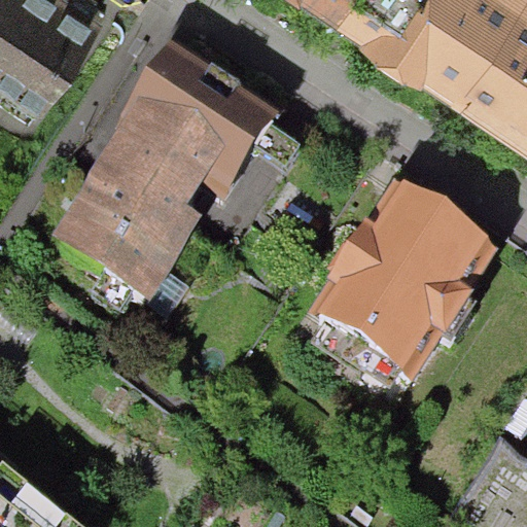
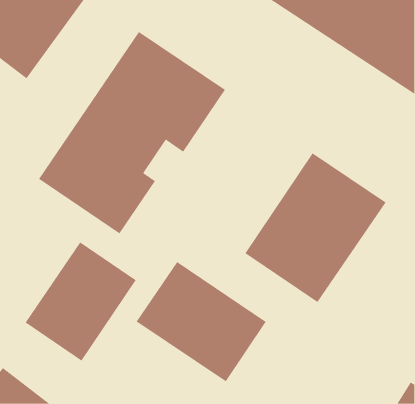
building: none -> [25,242,137,362]
building: none -> [136,261,267,382]

